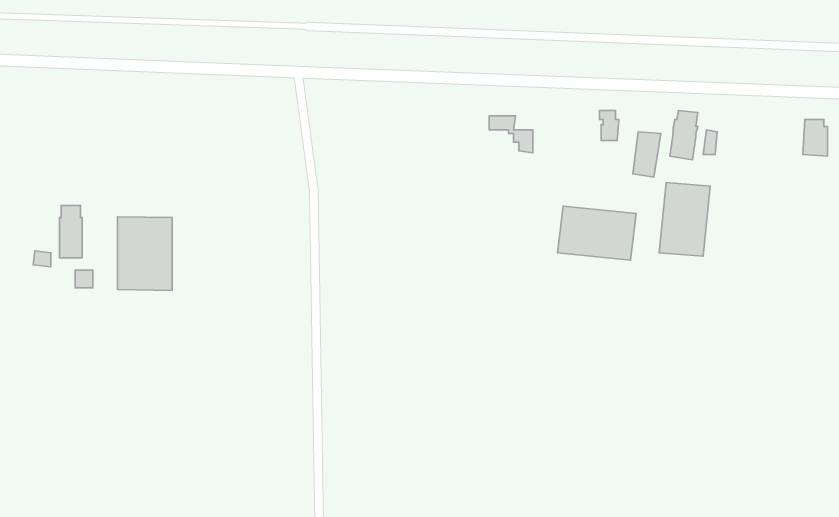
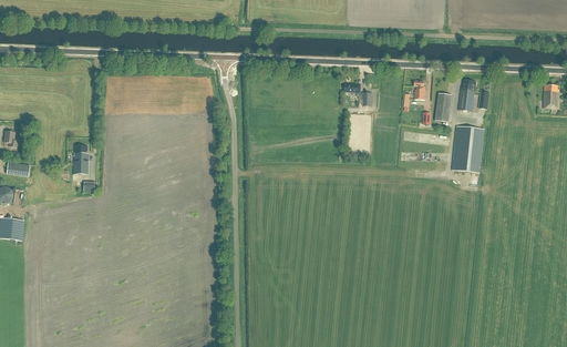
building: [558,206,636,260] -> none
building: [117,217,172,291] -> none

